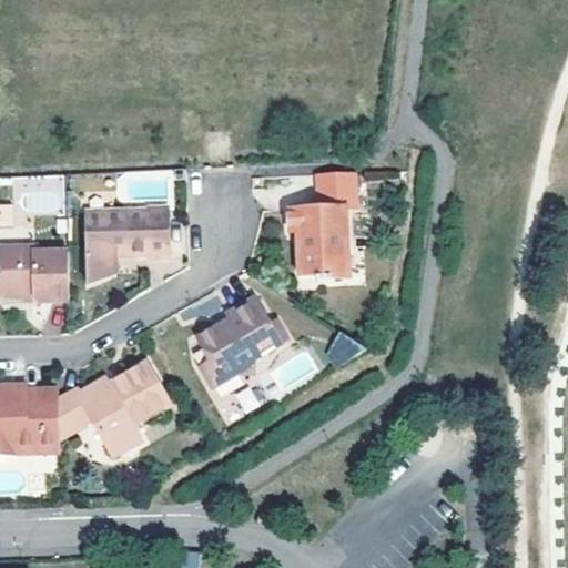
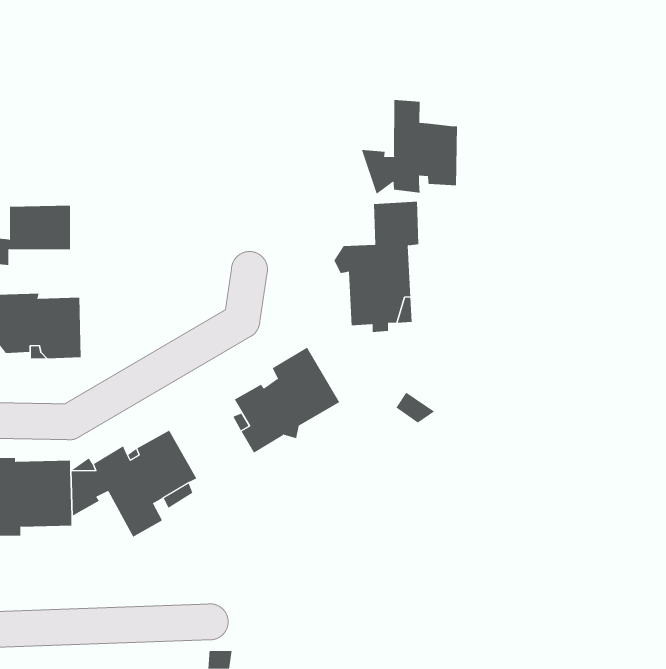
building: none -> [361,99,458,195]
building: [85,207,169,282] -> none

